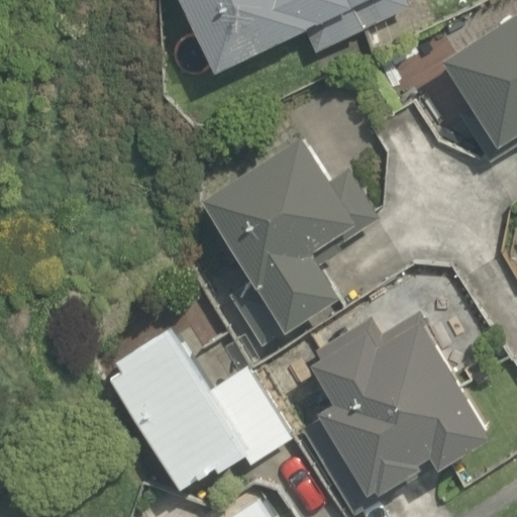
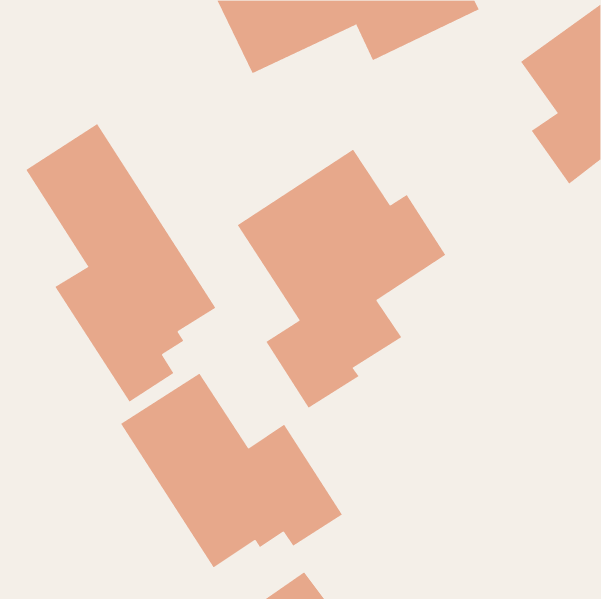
building: none -> [26,123,216,403]
building: [309,320,490,494] -> none

